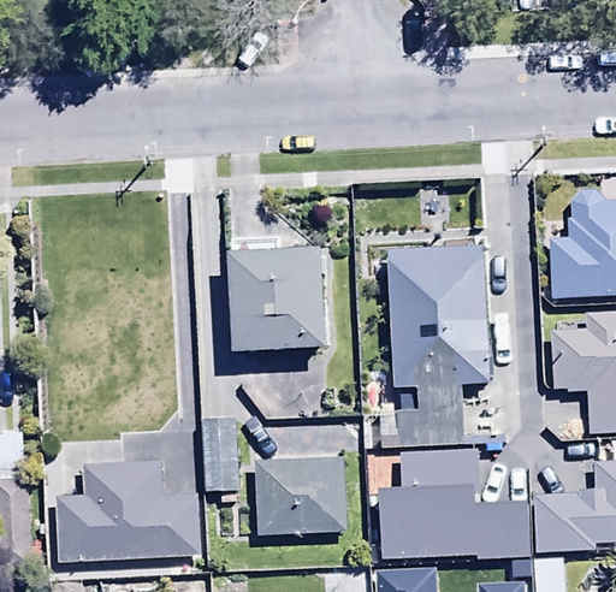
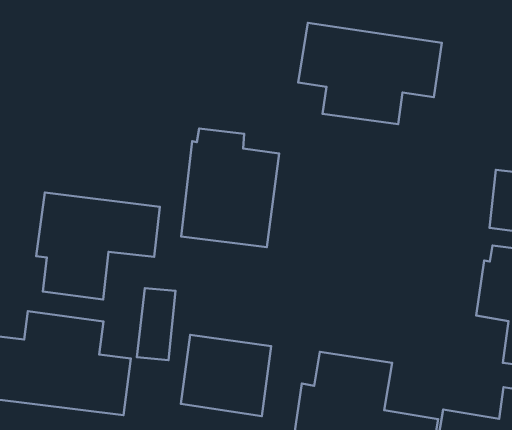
building: none -> [298,23,442,124]
building: [363,248,486,445] -> none
building: none -> [36,193,160,300]

